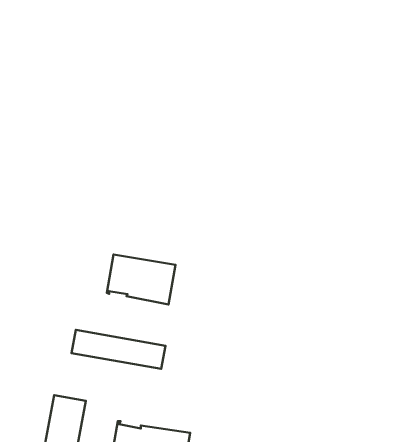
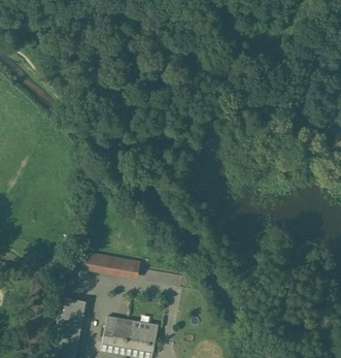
building: [107,254,175,305] -> none

